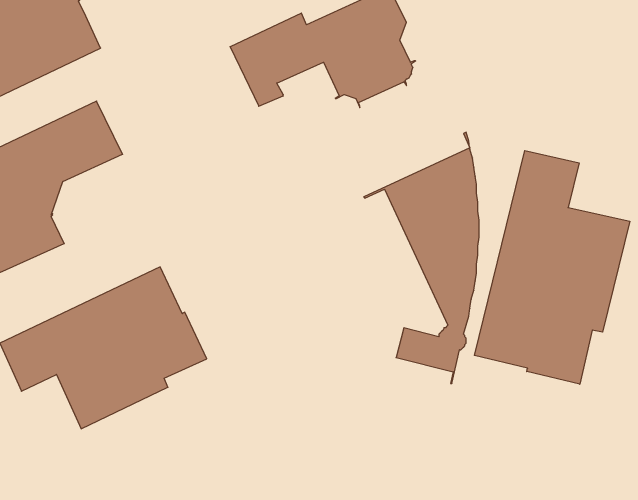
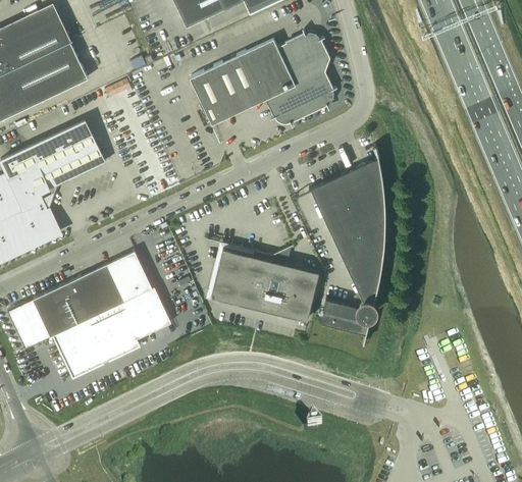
building: [474,151,630,384] -> none
building: none -> [207,239,319,321]

